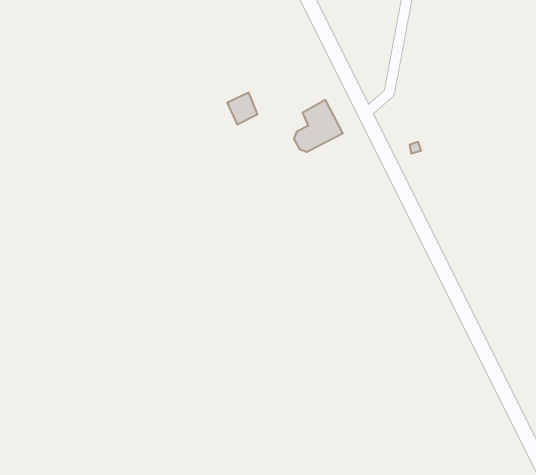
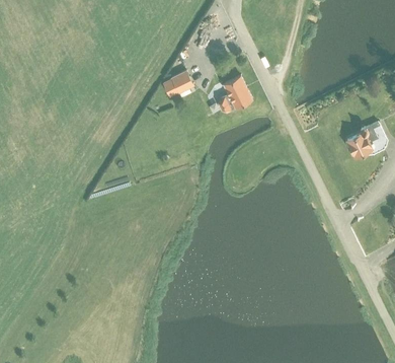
building: none -> [347,124,380,159]

